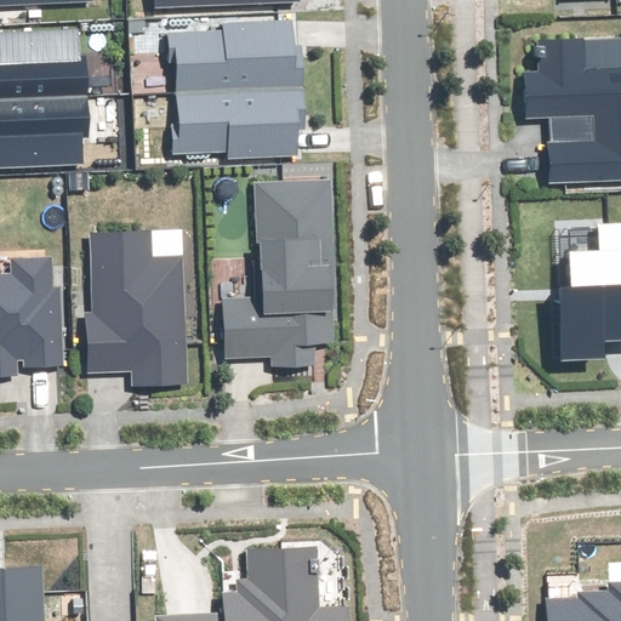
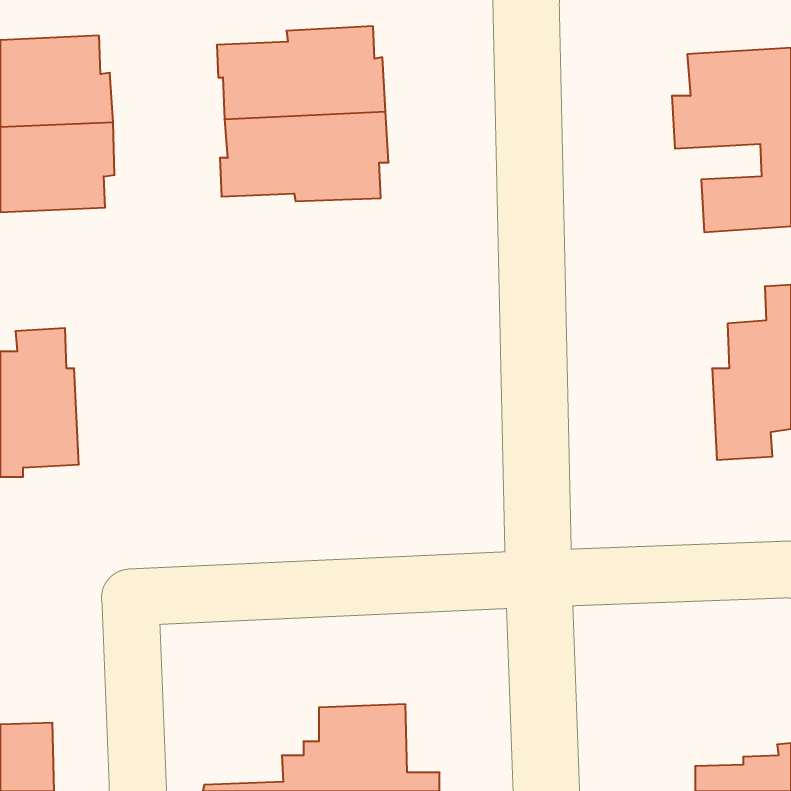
building: [227,182,336,368] -> none
building: [89,232,187,386] -> none

